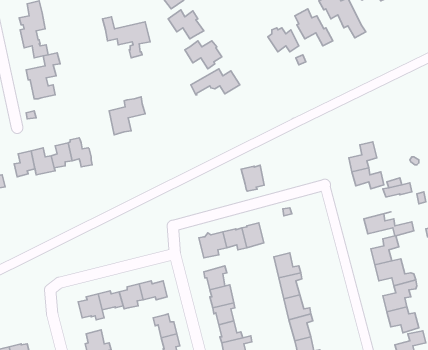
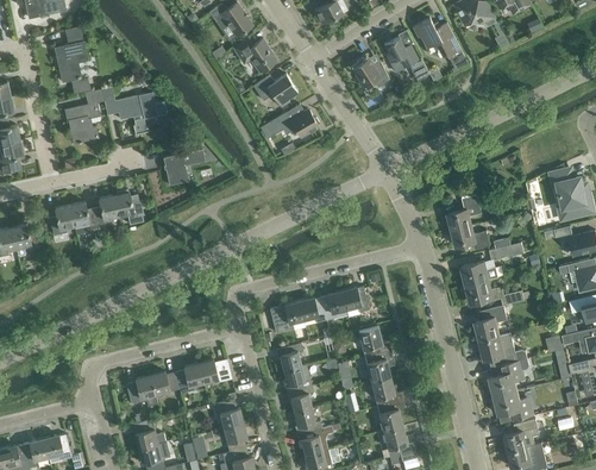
building: [102,17,150,58] -> [100,86,157,134]
building: [241,165,264,191] -> [340,286,368,317]
building: none -> [460,261,497,286]

